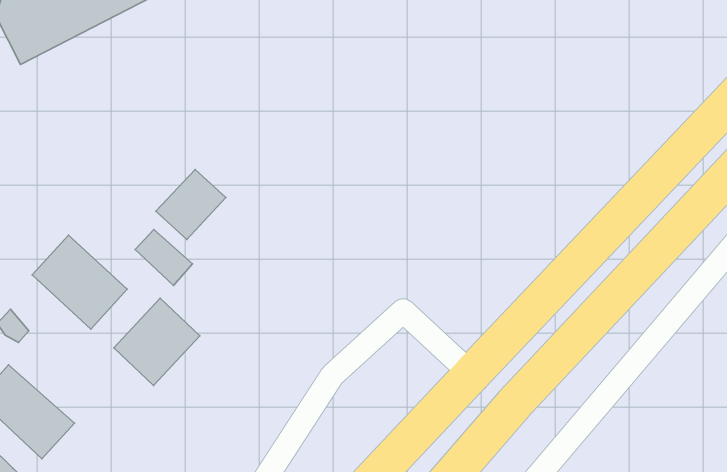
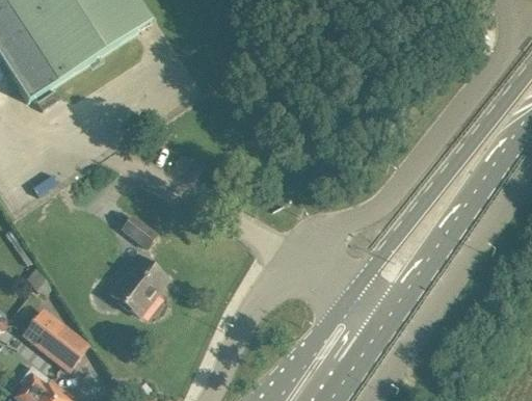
building: [156,169,226,239] -> none
building: [32,235,127,329] -> none

